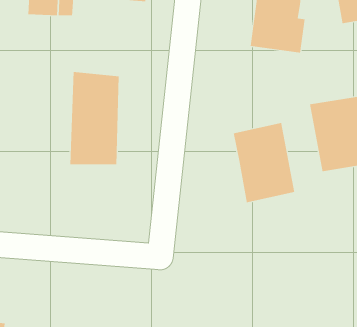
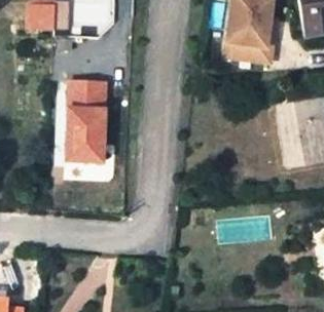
building: [233,122,295,203] -> none

